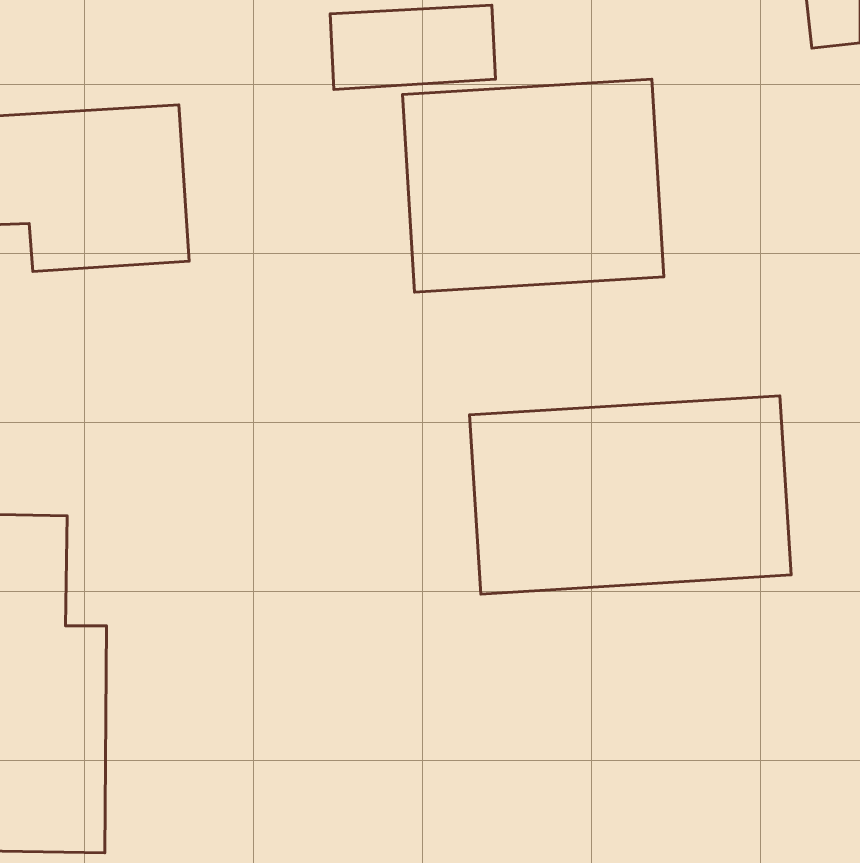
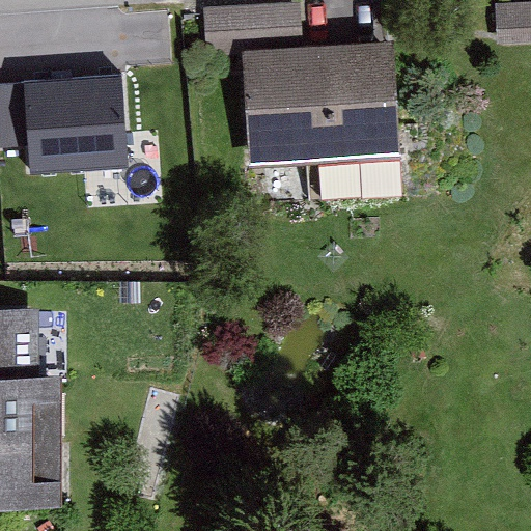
building: [469,396,791,594] -> none

